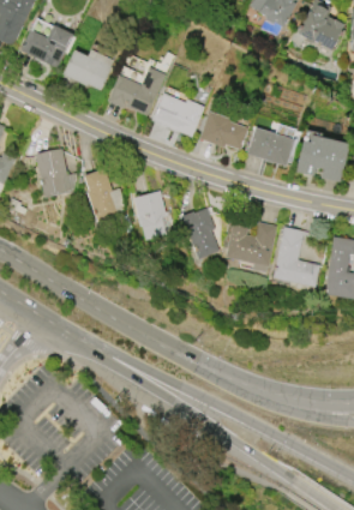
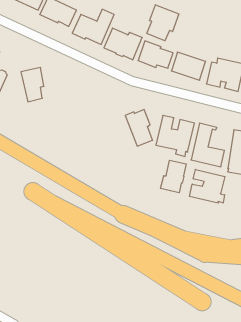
building: none -> [147,5,179,41]
building: [84,168,128,221] -> none
building: [134,190,167,239] -> none
building: none -> [160,160,186,193]
building: none -> [189,169,225,203]

